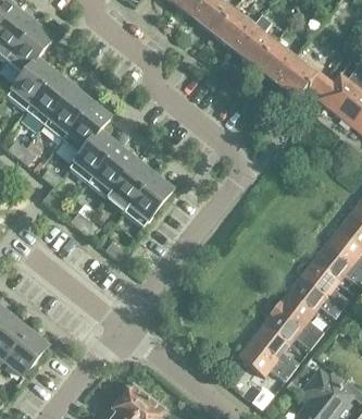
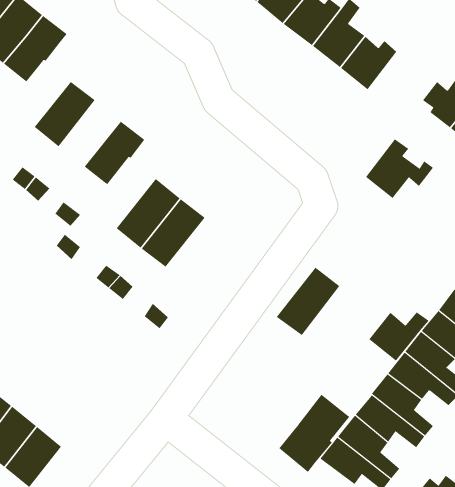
building: [275,53,326,98] -> [365,139,434,199]
building: [7,60,54,109] -> none
building: [46,89,91,138] -> none
building: [67,132,117,184] -> none
building: [125,176,173,227] -> [276,267,340,336]
building: none -> [368,312,429,361]
building: none -> [279,394,350,473]

